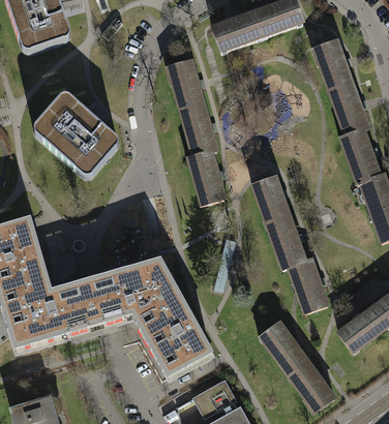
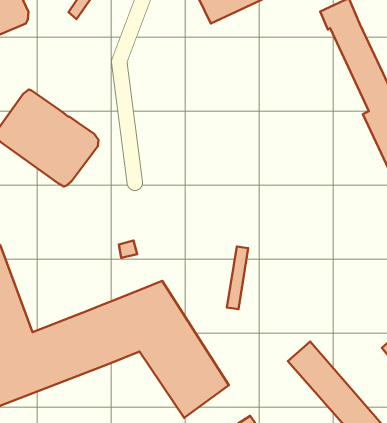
building: [166,59,225,203] -> none
building: [252,176,327,310] -> none

